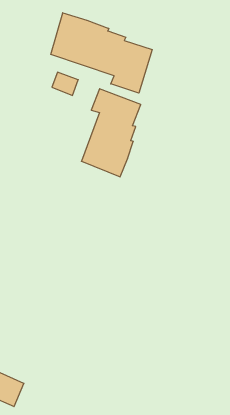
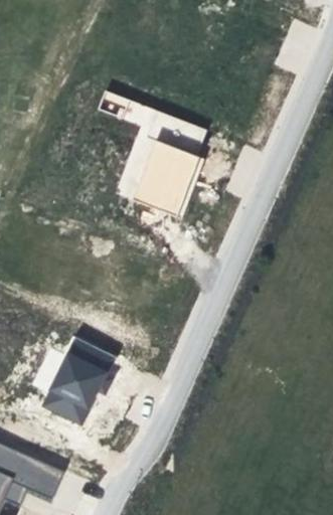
building: [51,13,152,93] -> none
building: none -> [41,339,113,424]

